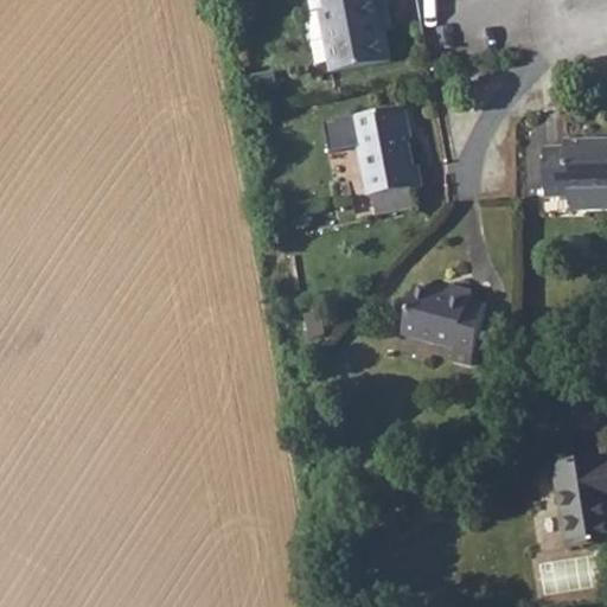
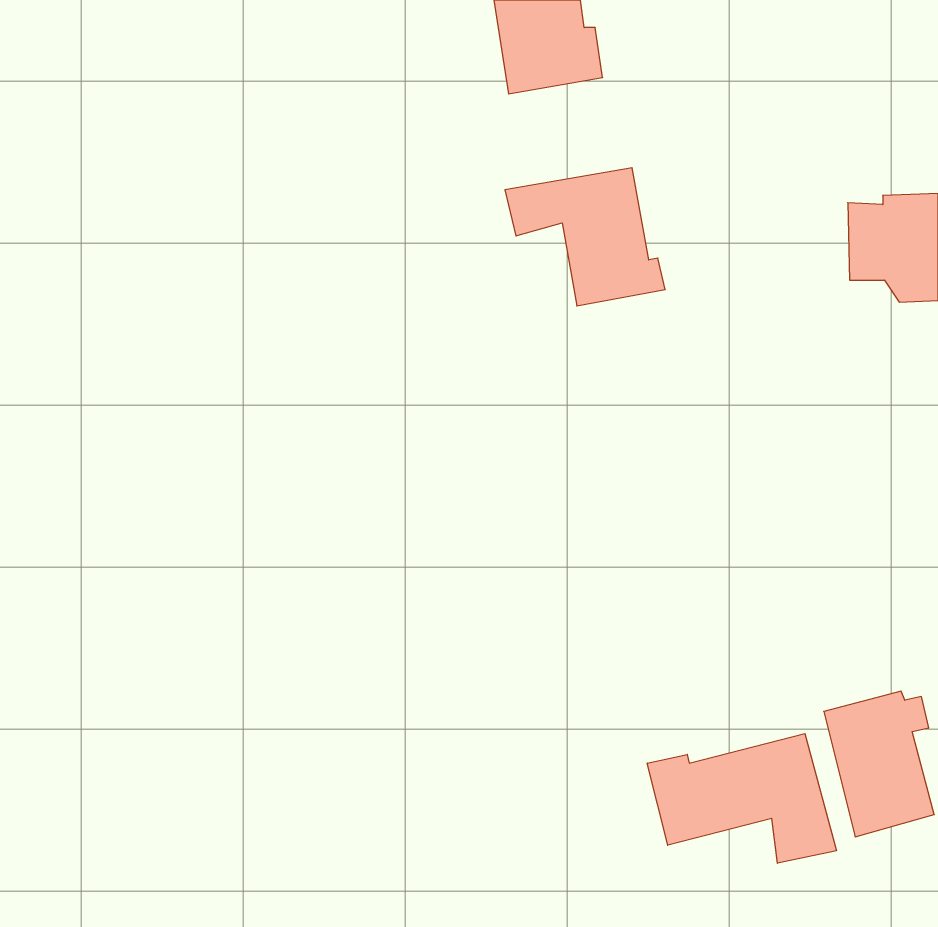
building: [398,275,490,359] -> none
building: none -> [647,734,836,863]

